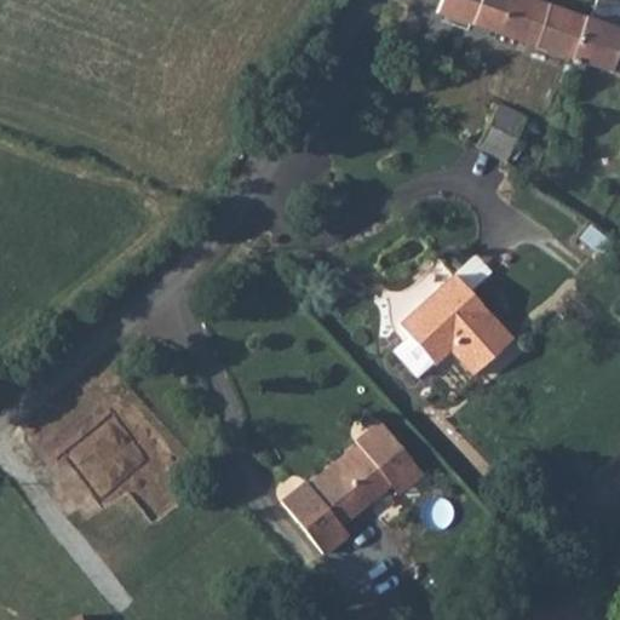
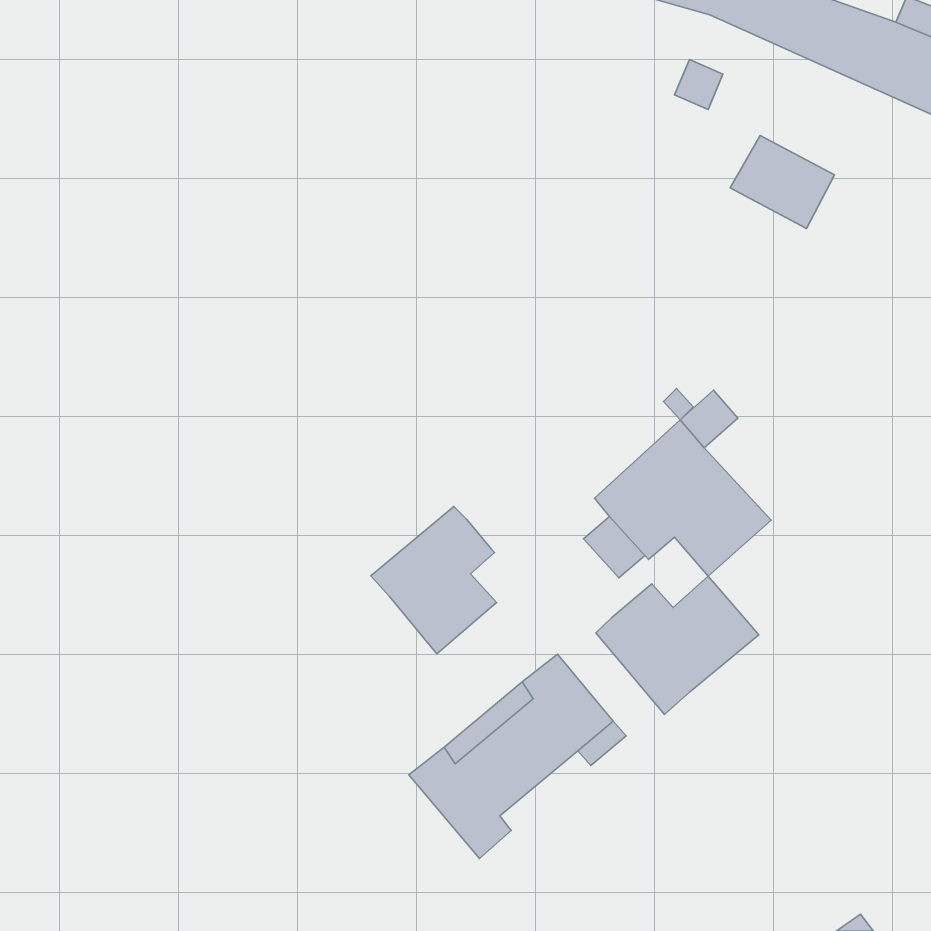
building: none -> [371,506,496,654]
building: none -> [596,576,759,715]

